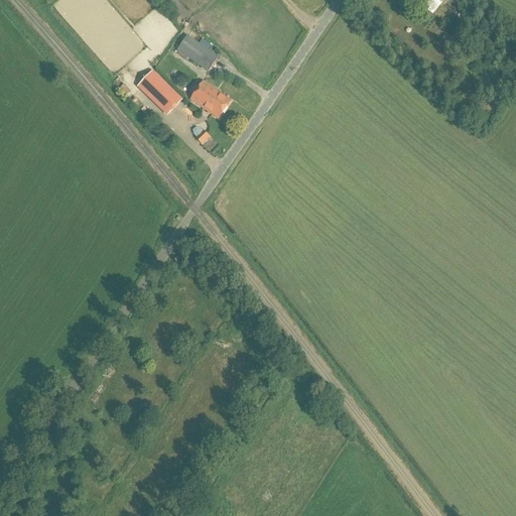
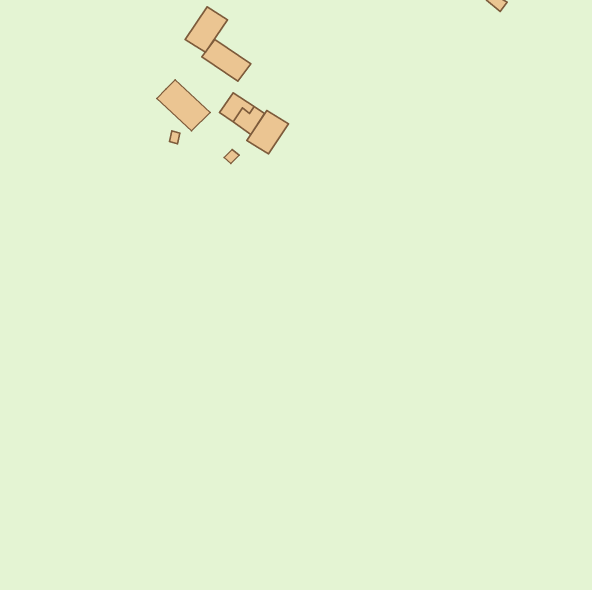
building: none -> [185,7,227,52]
building: none -> [247,110,288,154]

